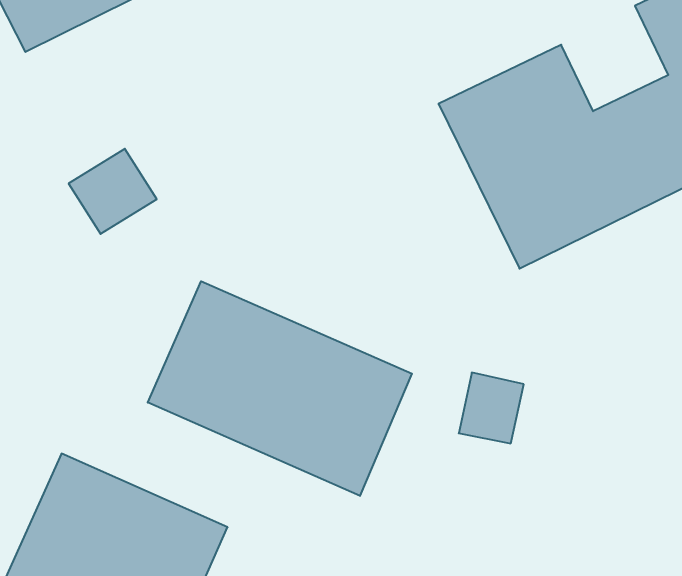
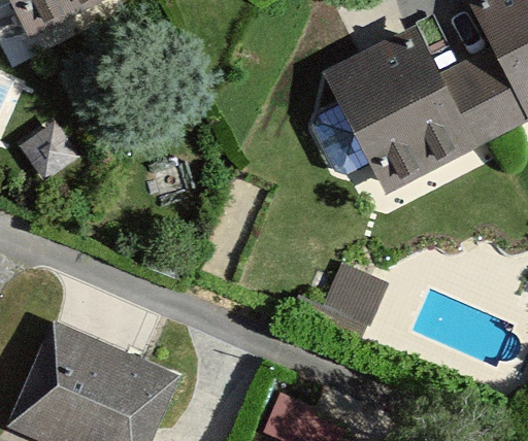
building: [148,281,412,496] -> none

